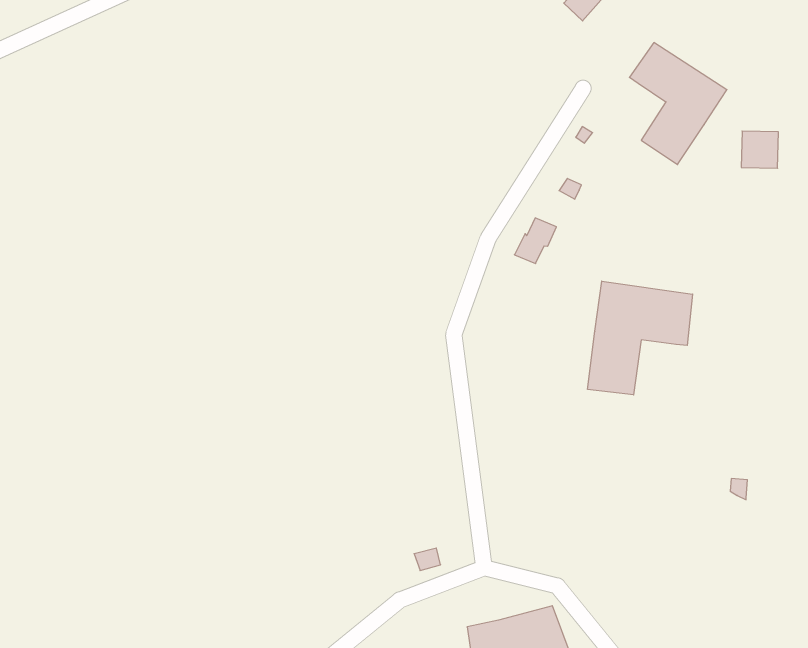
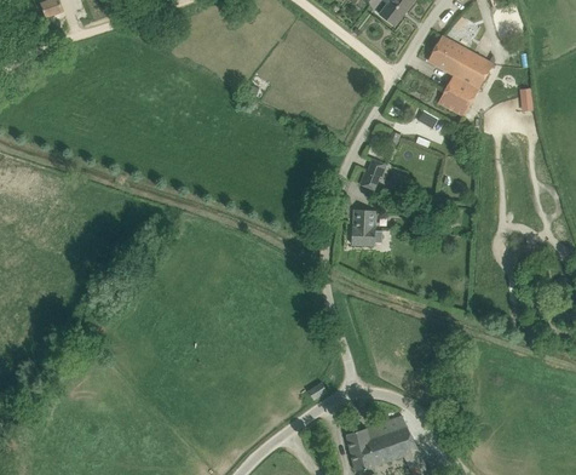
building: [588,281,693,395] -> none
building: none -> [351,210,382,246]

